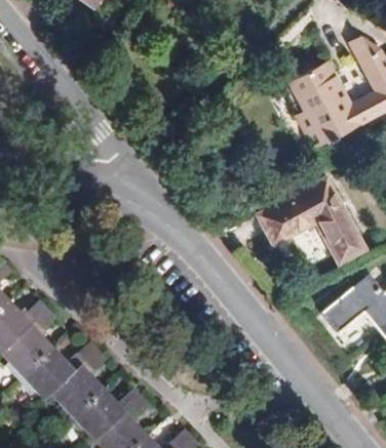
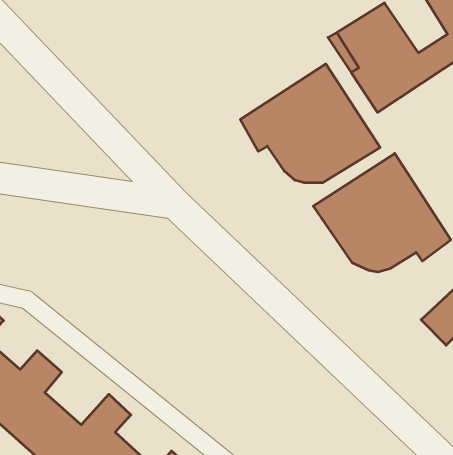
building: none -> [240,64,380,183]

